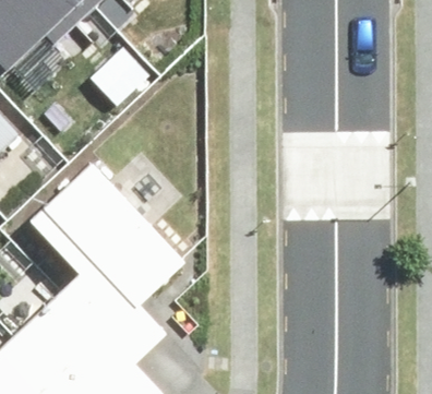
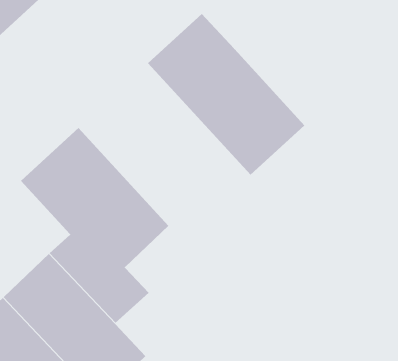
building: none -> [147,13,305,175]

